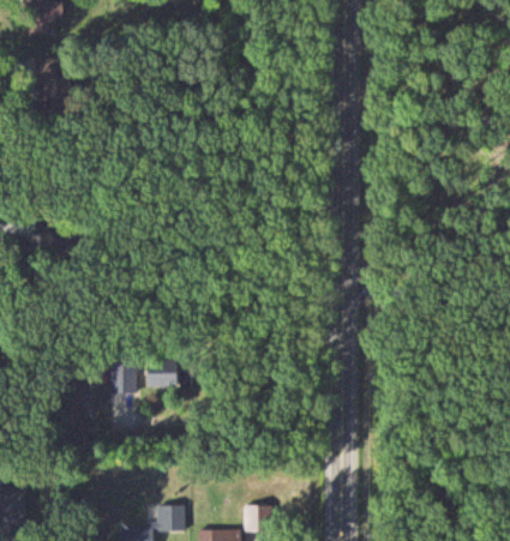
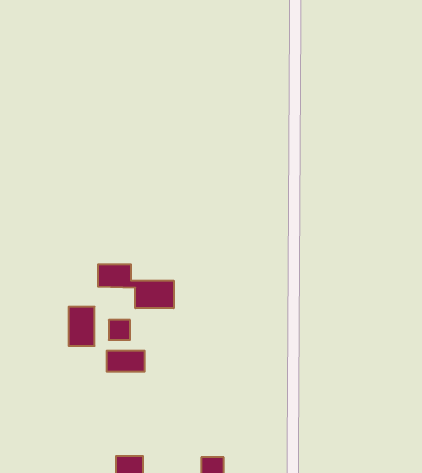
building: none -> [98,264,174,308]
building: none -> [107,351,145,372]

